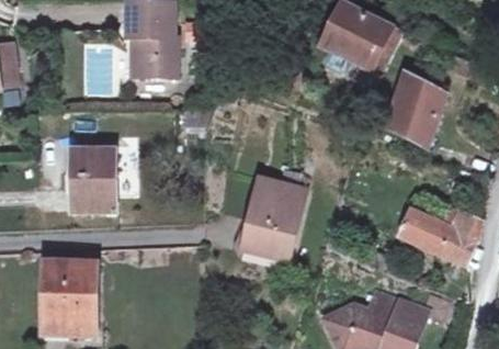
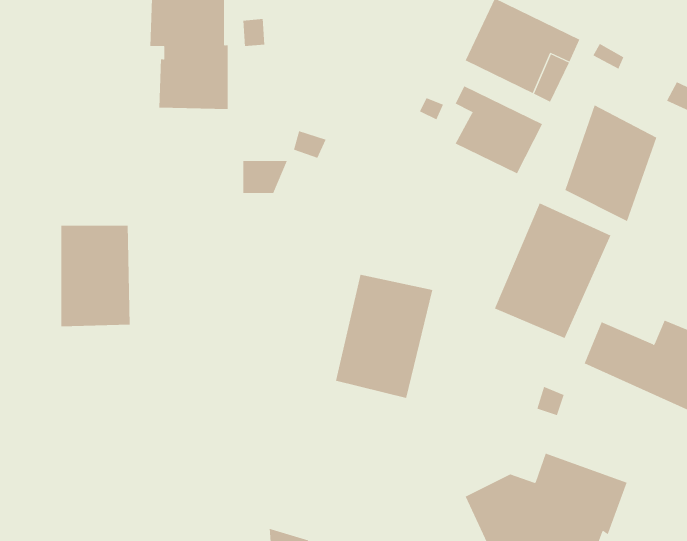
building: none -> [455,86,543,174]
building: none -> [494,203,611,339]
building: [43,261,97,329] -> none

